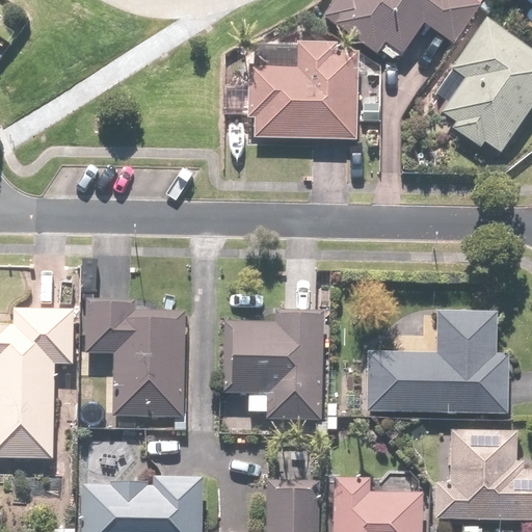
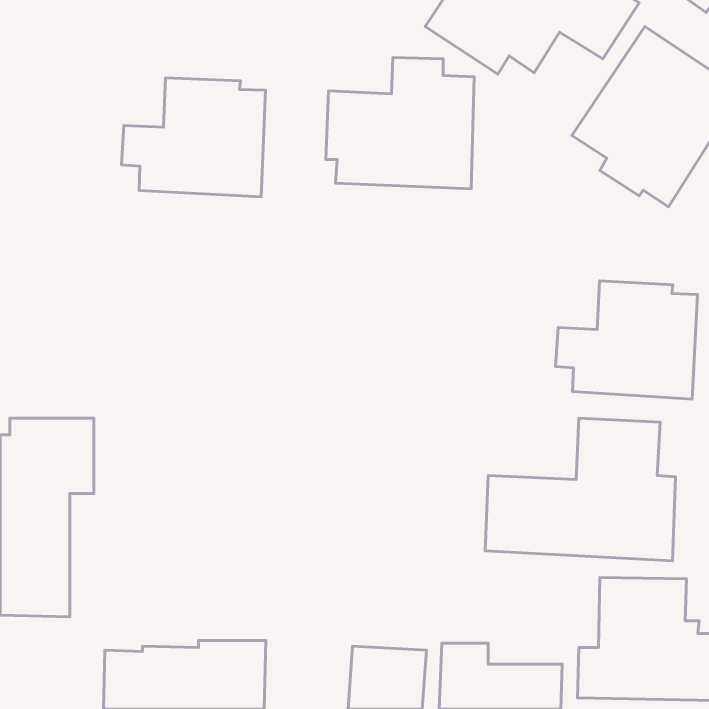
building: none -> [122,78,266,197]
building: none -> [555,281,698,399]
building: [83,299,187,414] -> none
building: [228,316,325,419] -> none

